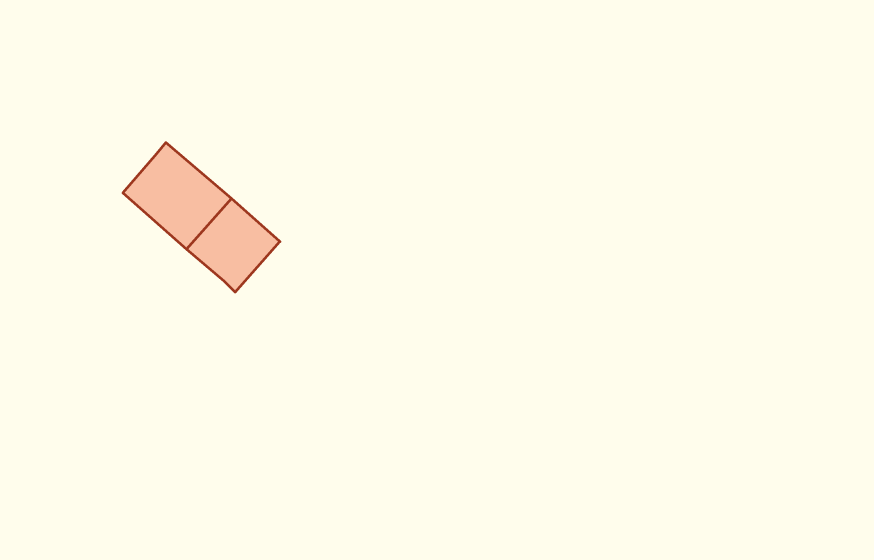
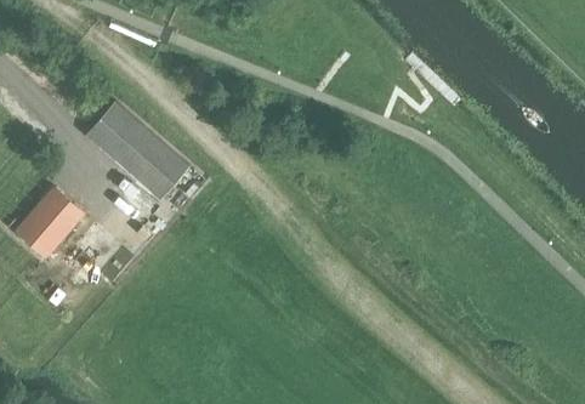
building: none -> [13,184,84,256]

